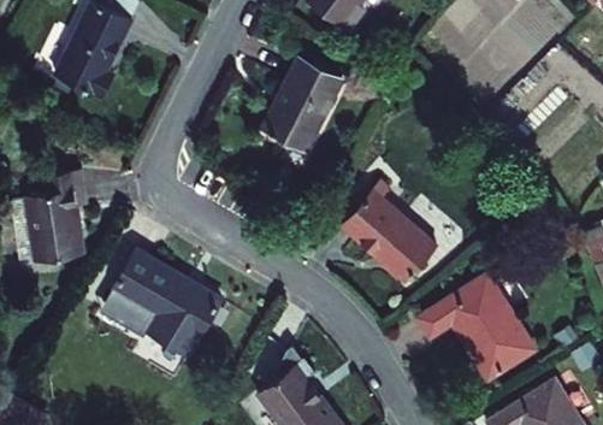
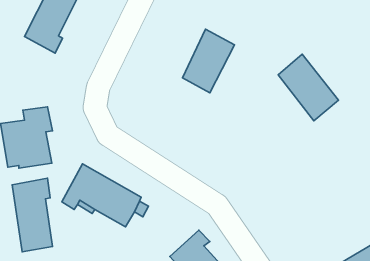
building: [350,182,438,279] -> [278,54,338,121]
building: [421,272,536,374] -> none
building: none -> [12,178,53,252]

